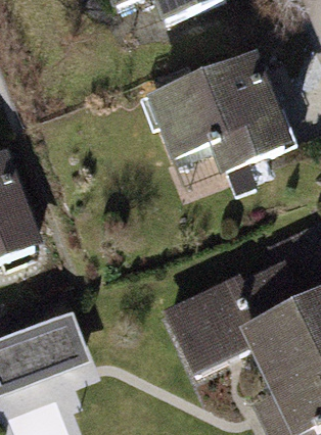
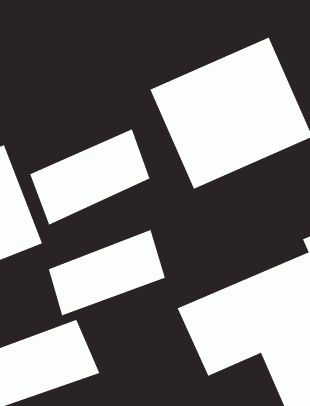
building: none -> [29,129,150,226]
building: none -> [48,229,166,316]

